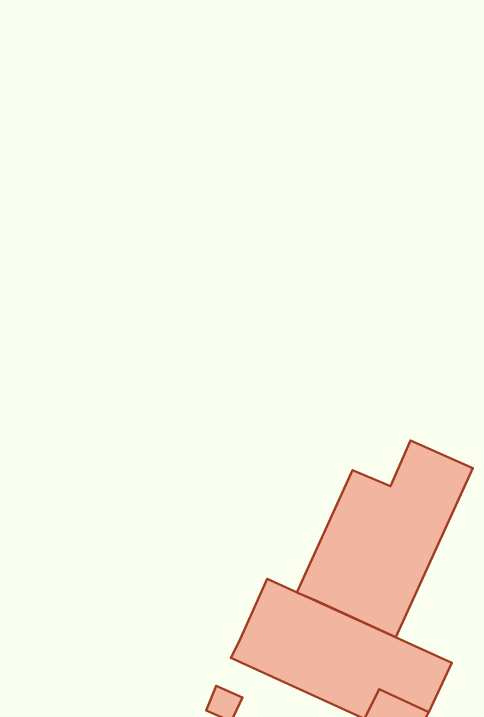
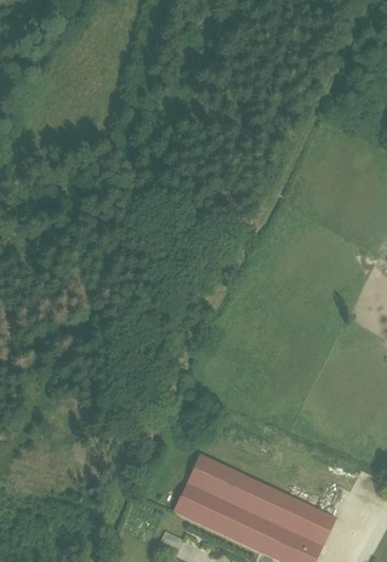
building: [297,440,473,637] -> none

